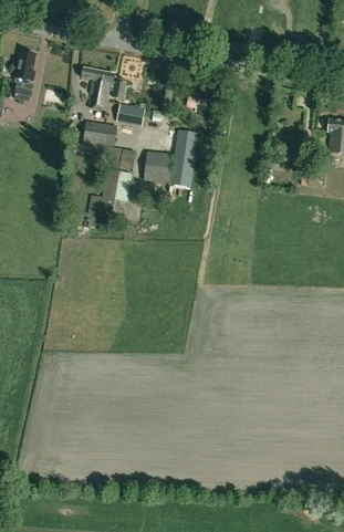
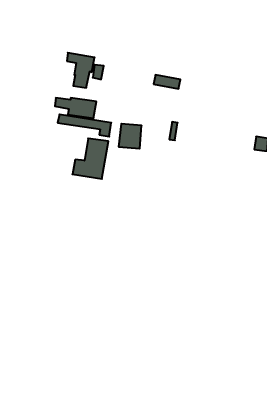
building: [14,51,35,101] -> none
building: [116,103,145,125] -> none
building: [170,129,198,185] -> none

